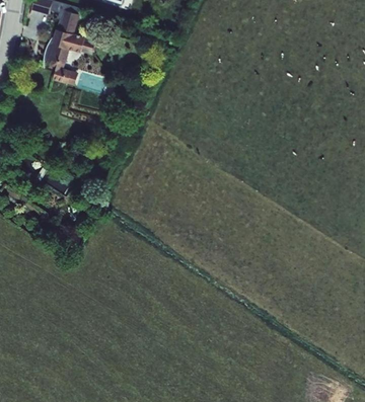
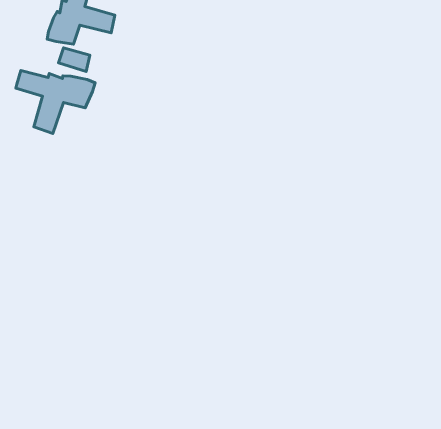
building: none -> [16,70,95,133]

